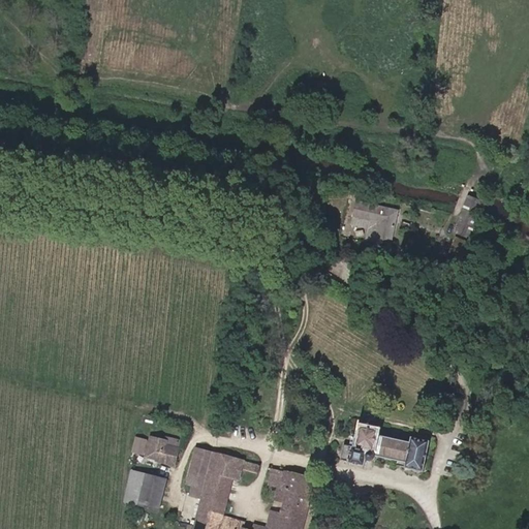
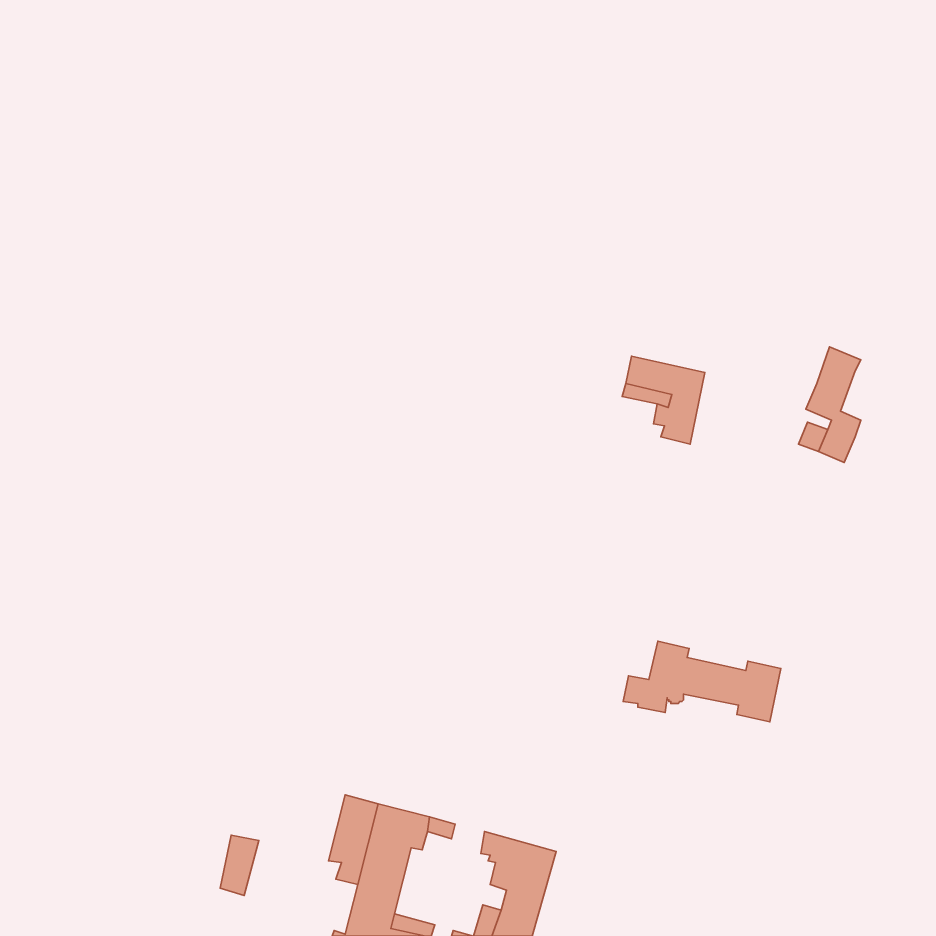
building: [340,425,429,470] -> [623,641,781,722]
building: [132,437,178,462] -> none
building: [137,473,165,509] -> none

